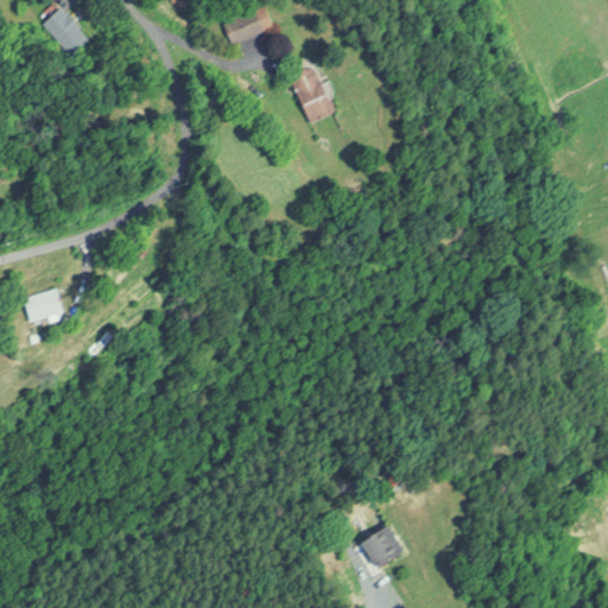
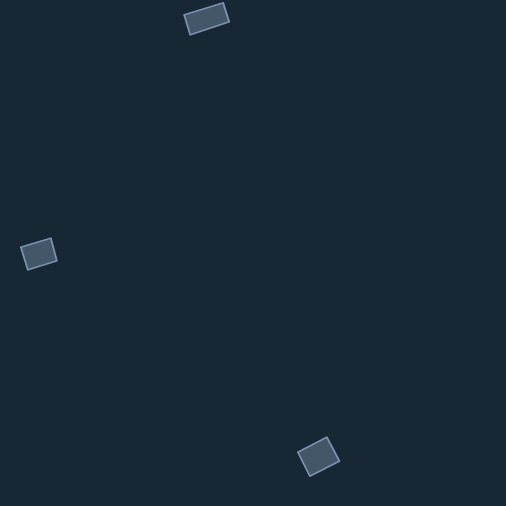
building: [43,11,80,51] -> none
building: [291,68,336,126] -> none

